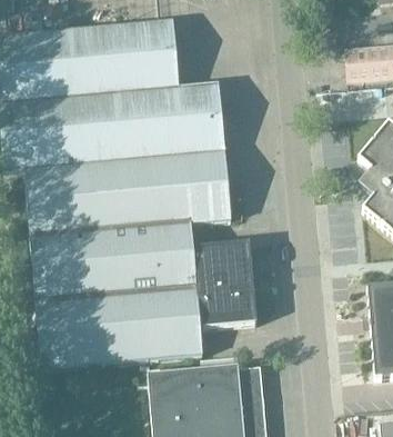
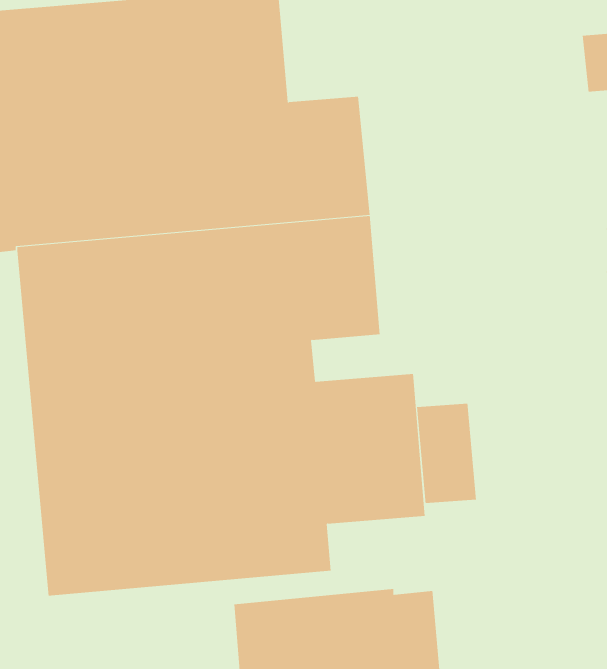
building: none -> [416,403,476,504]

